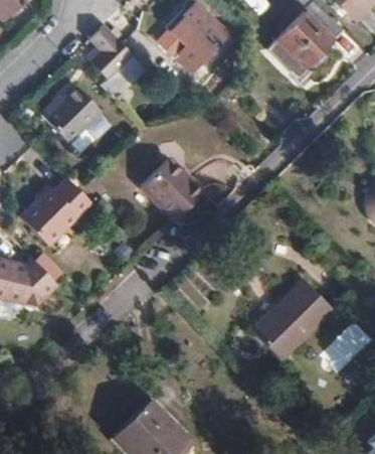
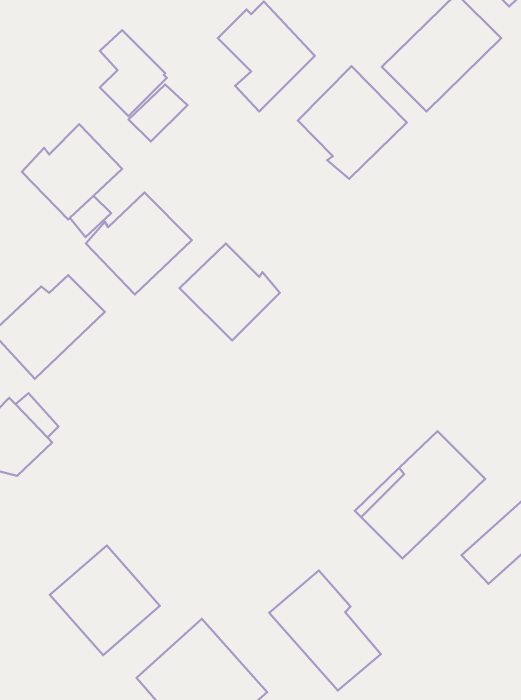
building: none -> [298,66,407,179]
building: none -> [86,192,192,295]
building: none -> [50,546,160,655]
building: none -> [269,571,381,691]

